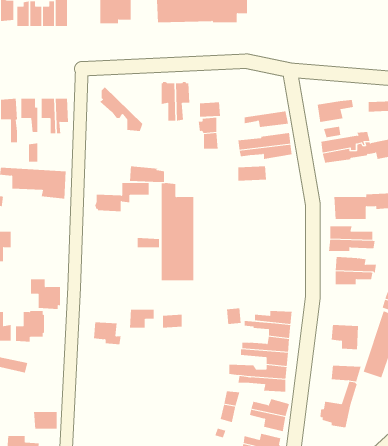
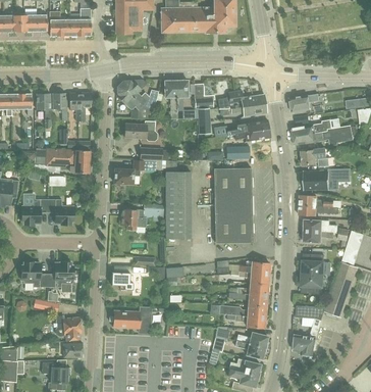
building: none -> [120,80,157,113]
building: none -> [219,90,265,109]
building: none -> [124,121,158,141]
building: none -> [302,149,334,166]
building: none -> [214,168,253,243]
building: none -> [120,209,146,231]
building: [30,279,61,310] -> [49,200,73,225]
building: none -> [302,254,324,275]
building: none -> [109,307,151,333]
building: none -> [56,316,82,340]

